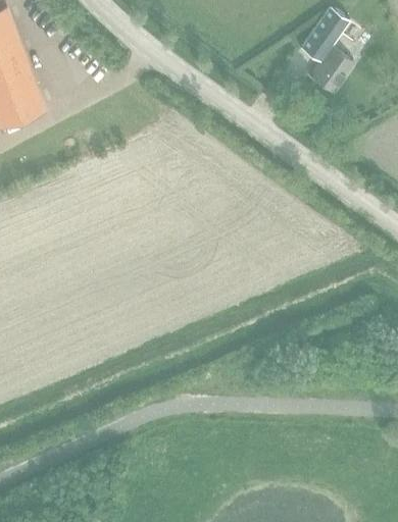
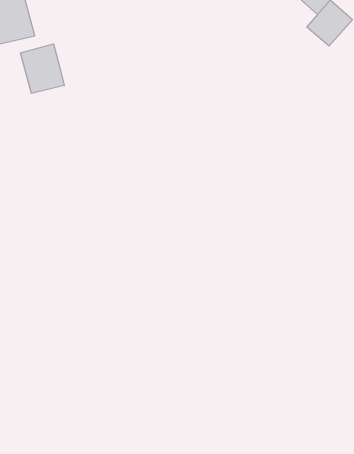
building: none -> [21,44,64,93]

